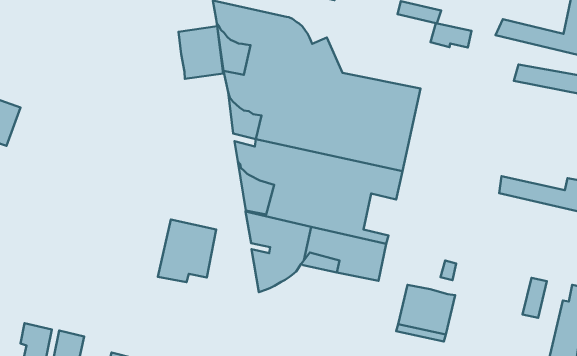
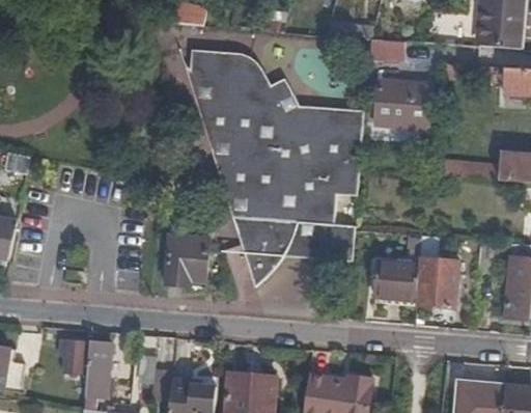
building: [179,26,223,79] -> none
building: none -> [375,81,430,128]
building: none -> [418,235,458,306]

